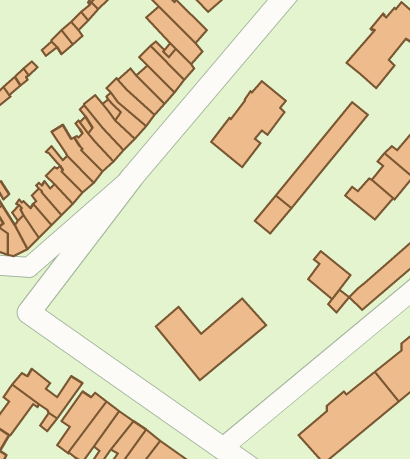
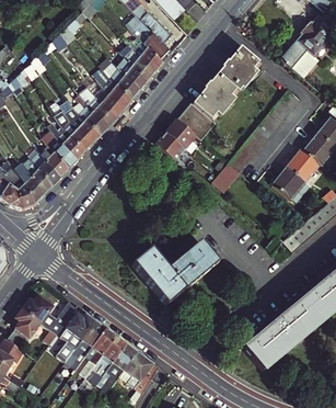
building: none -> [217,44,257,88]
building: none -> [157,118,196,159]
building: [308,251,351,299] -> [271,160,304,197]

